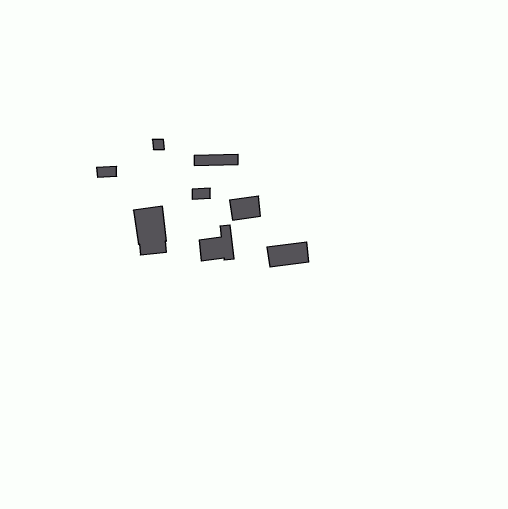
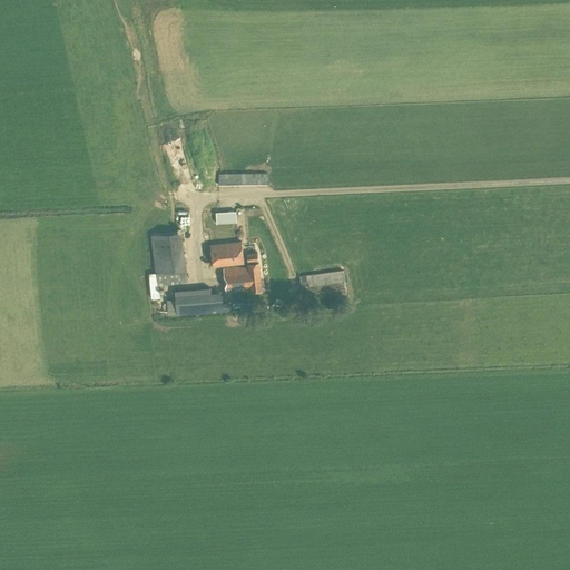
building: [230,196,260,220] -> [208,240,243,267]
building: none -> [174,287,223,314]

